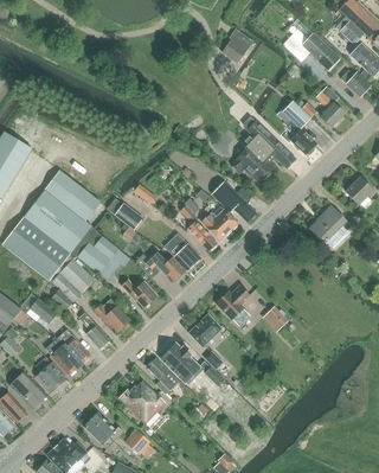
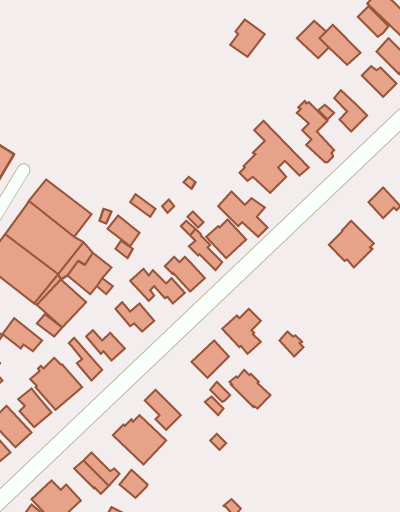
building: [162,344,199,378] -> [229,370,271,408]

